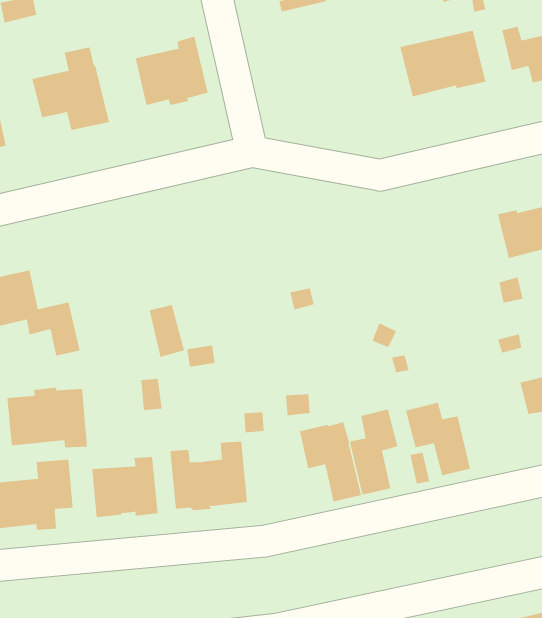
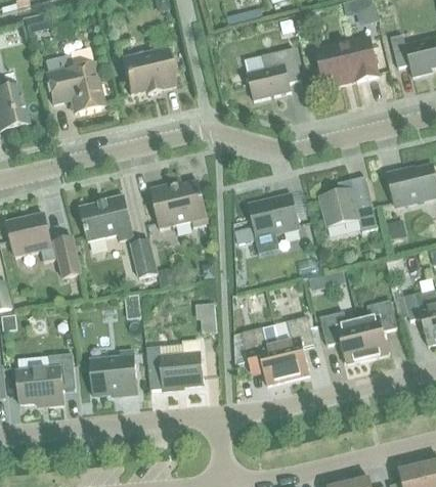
building: none -> [244,47,302,99]
building: none -> [319,175,378,230]
building: none -> [149,180,209,227]
building: none -> [247,192,299,252]
building: none -> [80,193,134,240]
building: none -> [358,299,397,359]
building: [7,387,87,448] -> none

